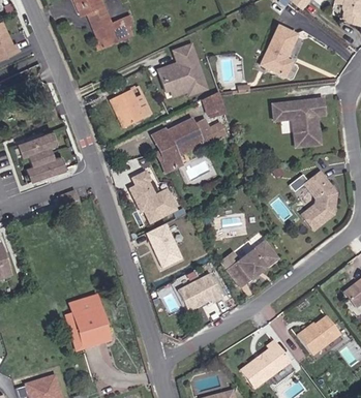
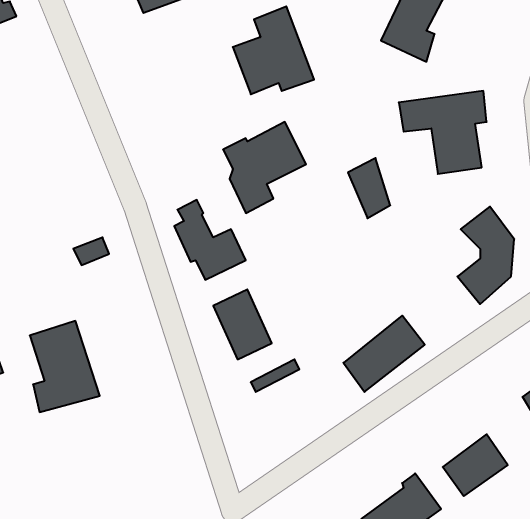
building: [110,85,153,128] -> none
building: [202,91,229,129] -> [348,158,390,218]
building: [18,130,67,183] -> none
building: [177,272,224,313] -> none
building: [68,294,113,351] -> [30,321,100,412]

